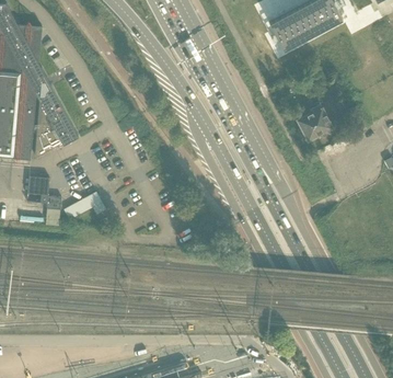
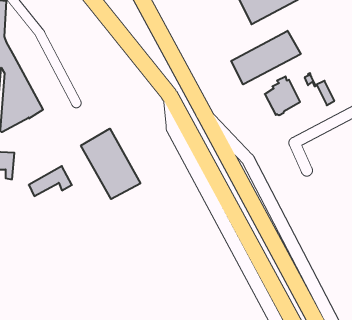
building: none -> [231,31,301,84]
building: none -> [81,129,140,199]

